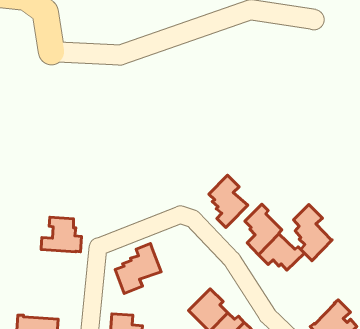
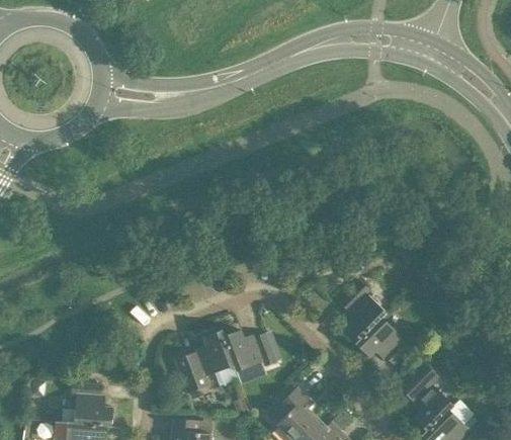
building: [209,175,248,228] -> none
building: [293,204,332,261] -> [405,361,453,432]
building: [41,217,81,252] -> [62,382,112,426]
building: none -> [224,330,276,371]

